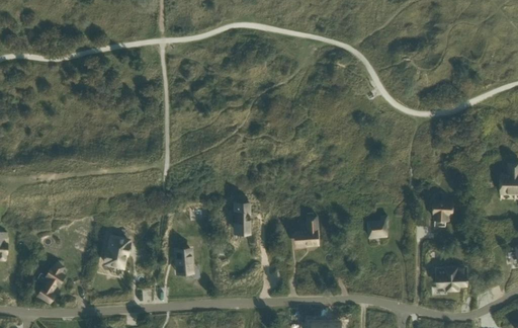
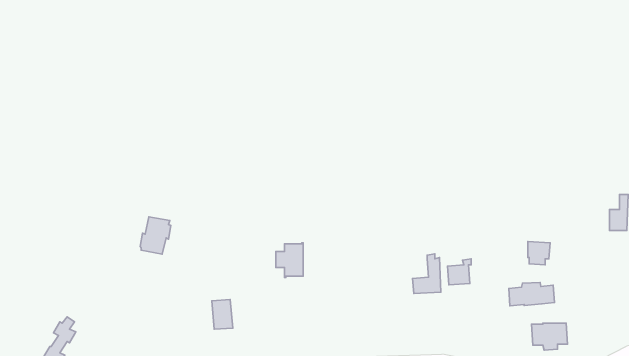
building: [295,212,319,244] -> [412,254,441,293]
building: none -> [509,282,554,306]
building: [104,236,130,266] -> [140,217,171,254]

